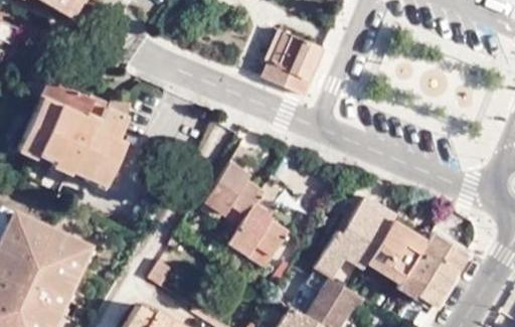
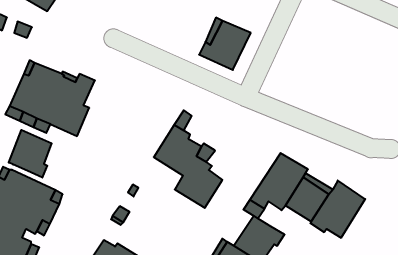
building: none -> [9,130,52,178]

